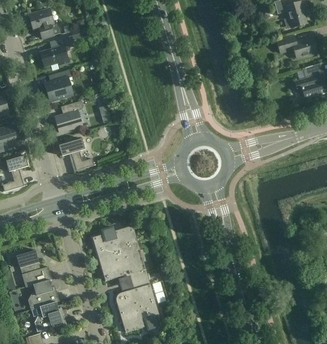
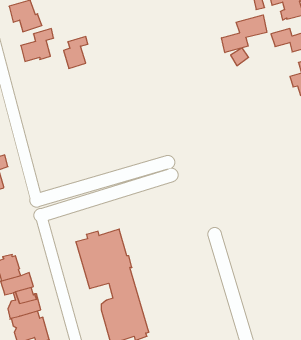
building: none -> [222,15,267,53]
building: [48,70,71,100] -> [64,37,88,68]
building: [54,101,83,133] -> none
building: [59,138,94,171] -> none

